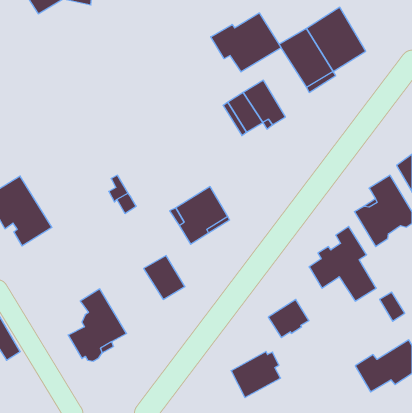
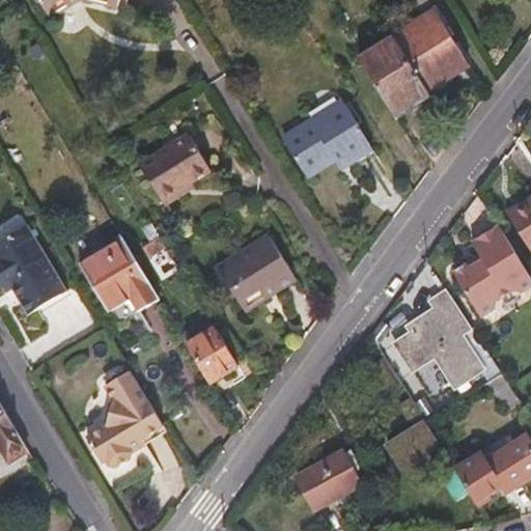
building: [211,13,281,72] -> none
building: none -> [139,135,209,205]
building: none -> [79,239,157,310]
building: [268,299,309,338] -> [385,414,437,463]

